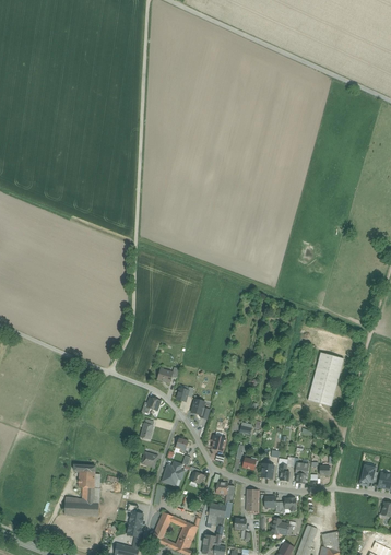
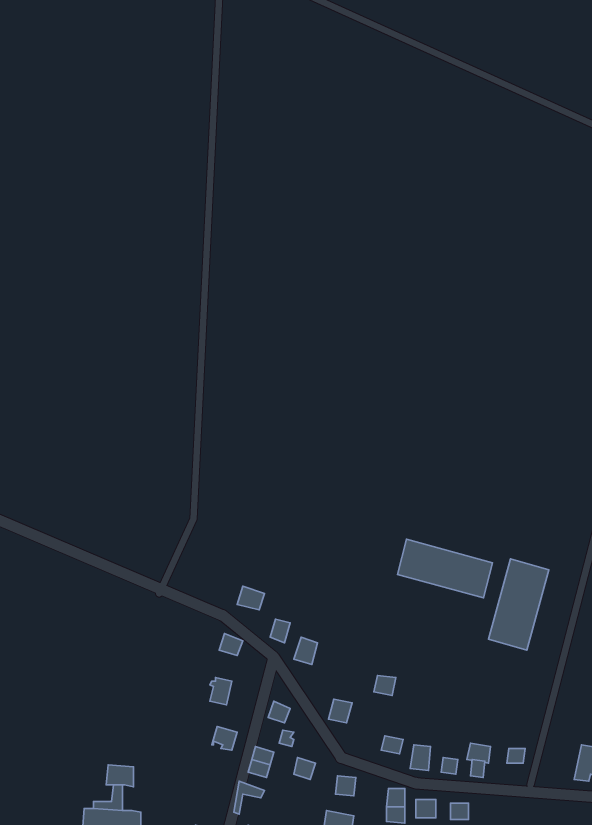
building: none -> [397,539,492,598]

